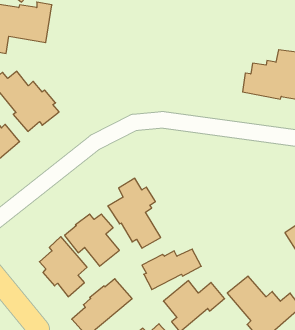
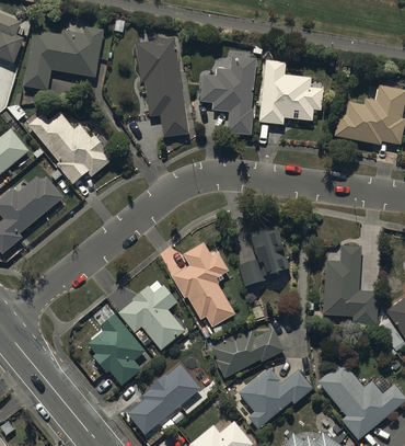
building: none -> [136,37,189,137]
building: none -> [201,56,256,135]
building: none -> [258,59,324,125]
building: none -> [239,229,291,286]
building: none -> [323,243,380,324]

